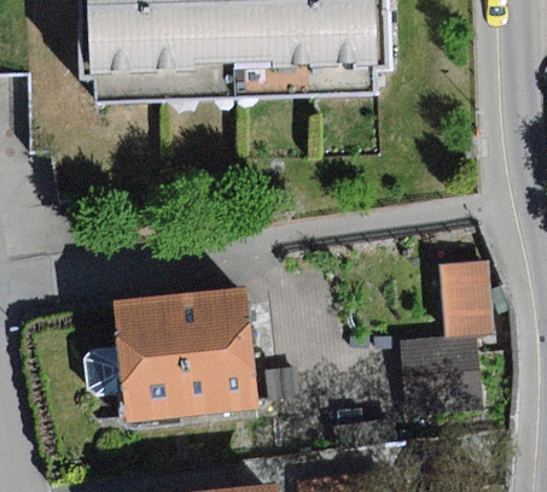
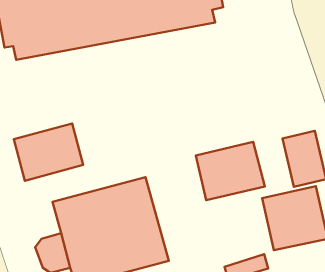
building: none -> [14,124,83,181]
building: none -> [196,142,265,200]

